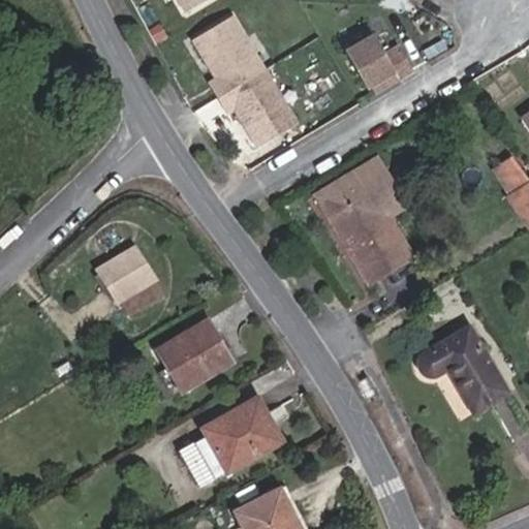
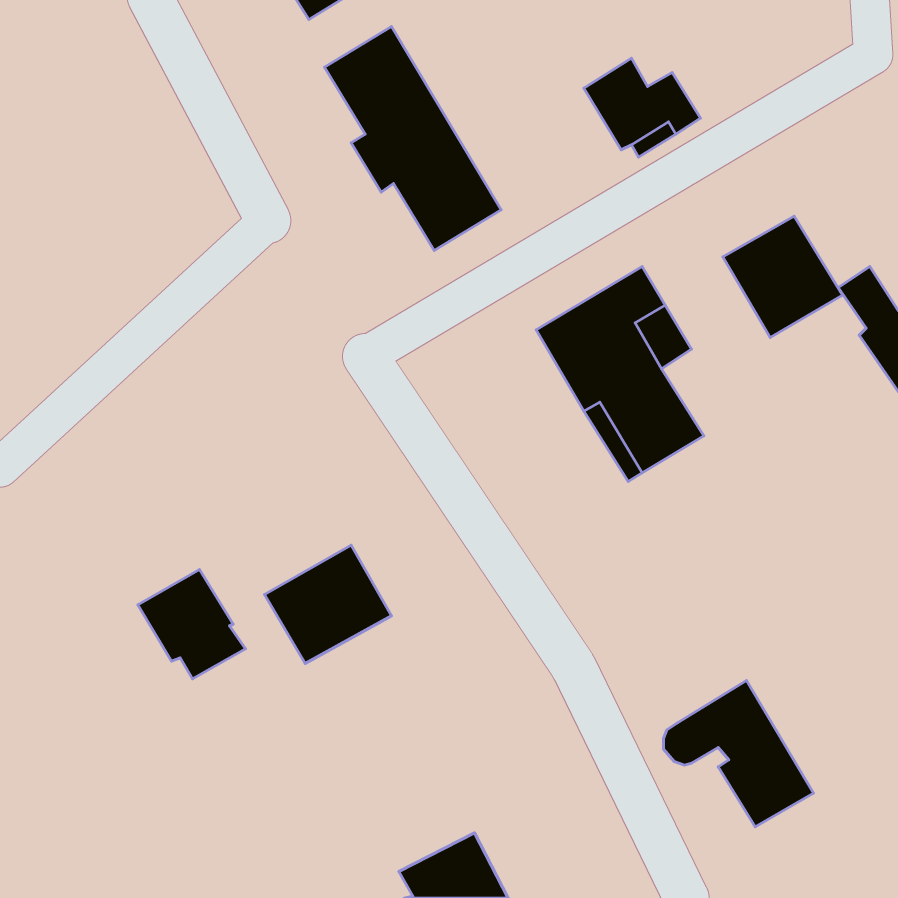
building: none -> [723,216,843,337]
building: [98,247,161,311] -> [138,569,245,679]
building: [421,325,508,411] -> [663,680,813,827]
building: [195,397,283,476] -> none

